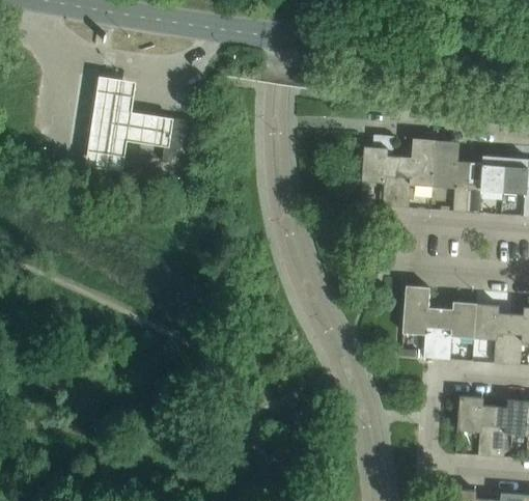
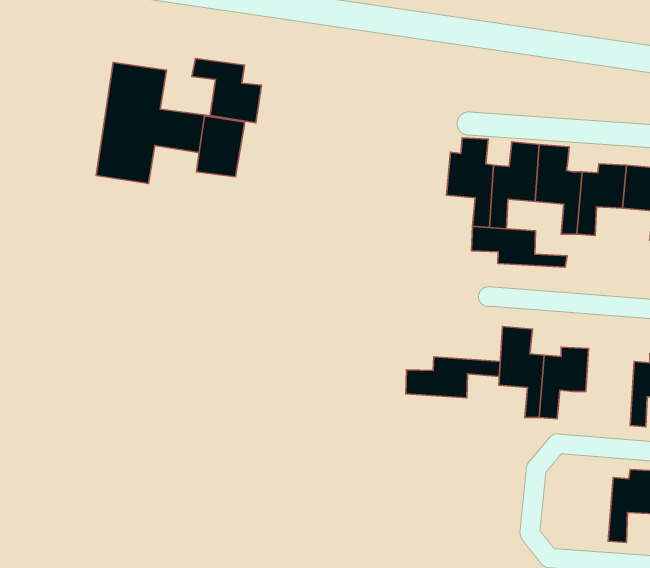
building: none -> [192,59,261,123]
building: none -> [471,227,567,267]
building: [472,304,510,365] -> none
building: none -> [406,357,500,398]
building: [456,396,494,457] -> none

